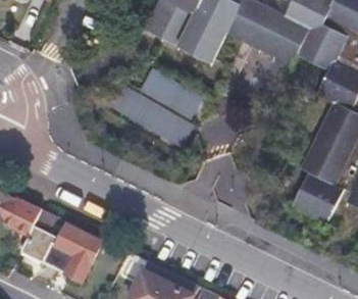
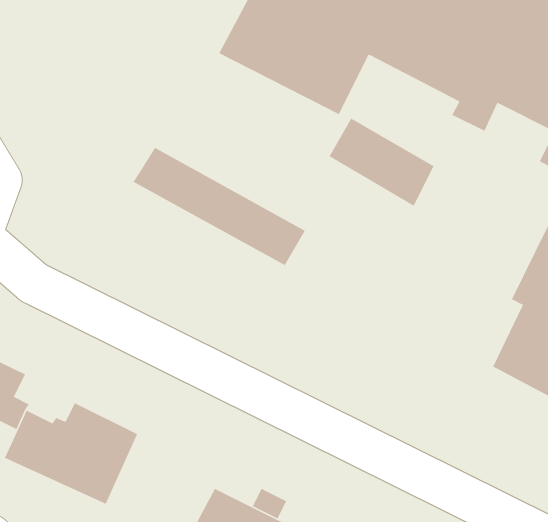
building: [141,68,199,117] -> [328,117,435,207]

